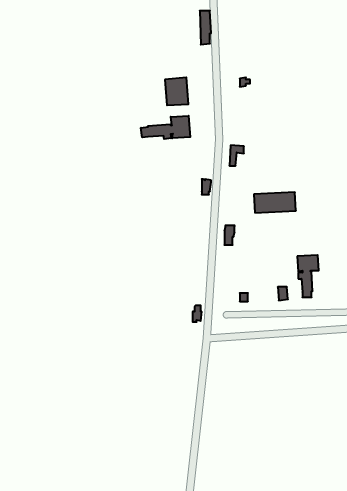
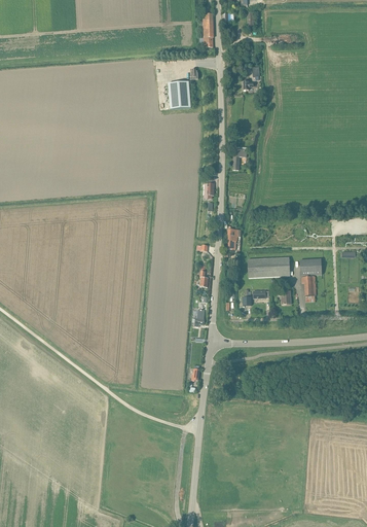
building: [141,116,190,139] -> none
building: [254,192,296,213] -> [248,256,290,277]

